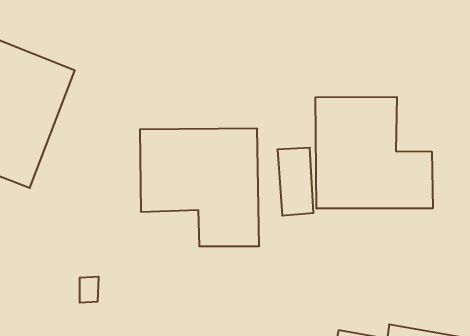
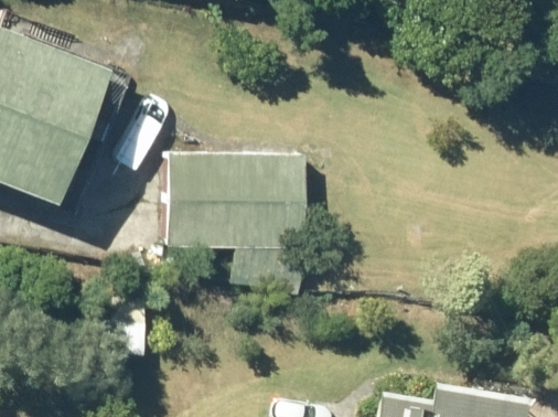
building: [316,97,433,209] -> none

